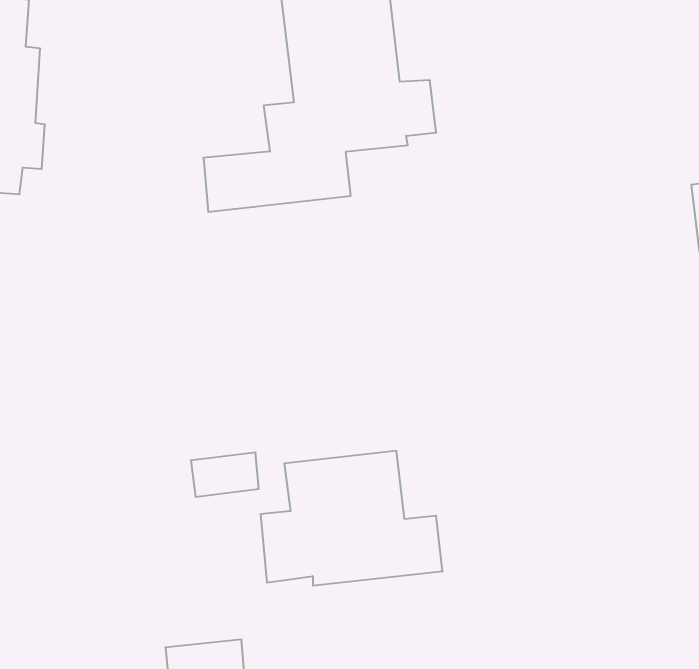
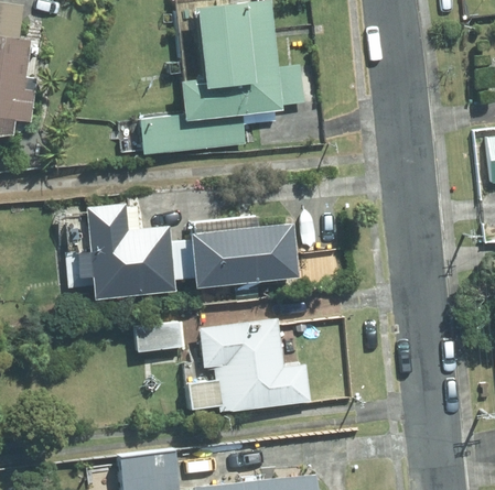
building: none -> [63,205,176,302]
building: none -> [187,215,293,288]

